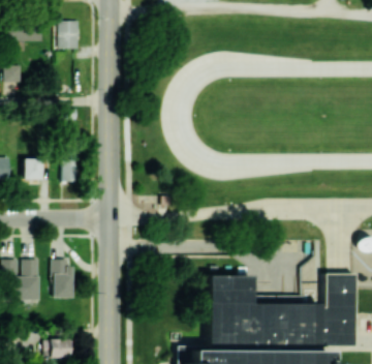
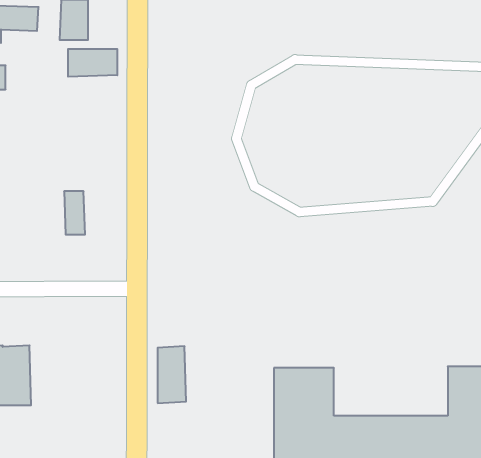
building: none -> [68,49,117,77]
building: [23,158,41,179] -> none
building: [53,259,72,298] -> [158,346,186,403]

